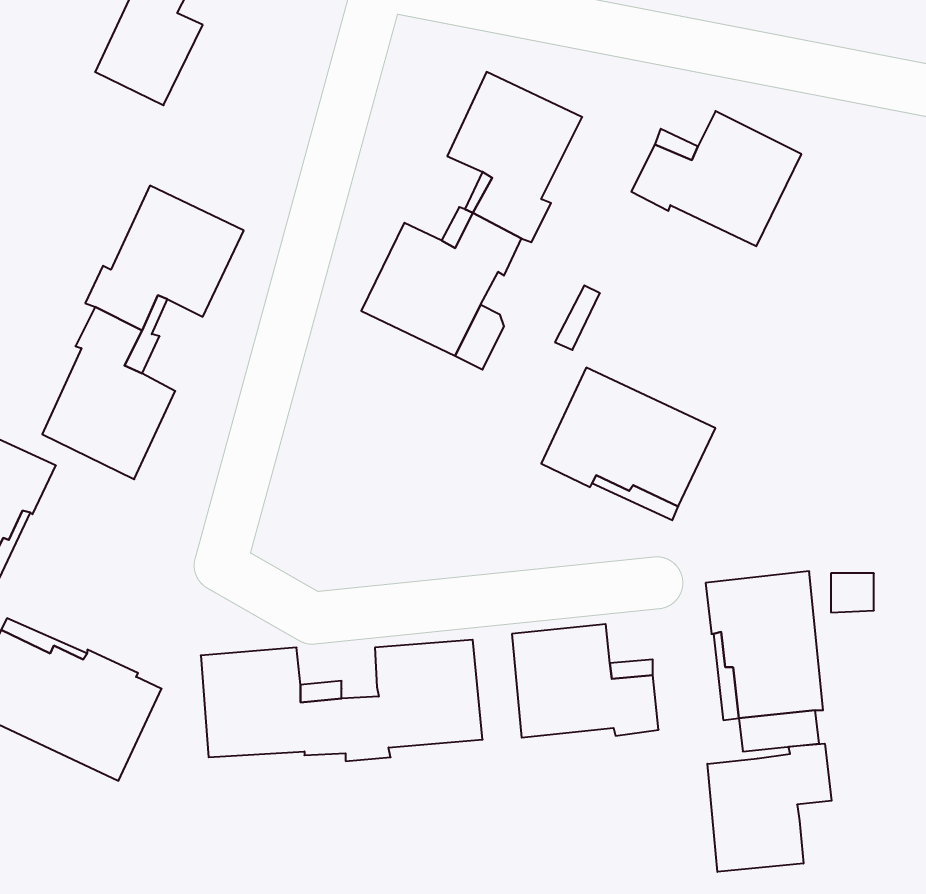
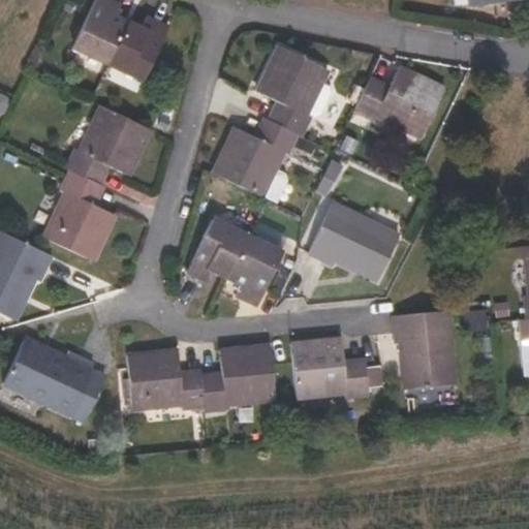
building: none -> [107,18,168,82]
building: none -> [187,219,283,305]
building: [707,744,832,872] -> none

